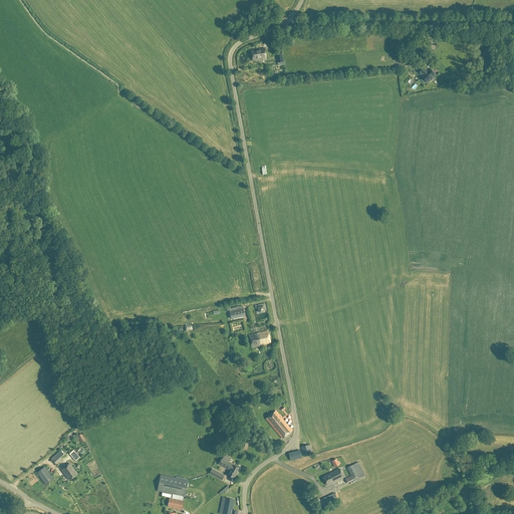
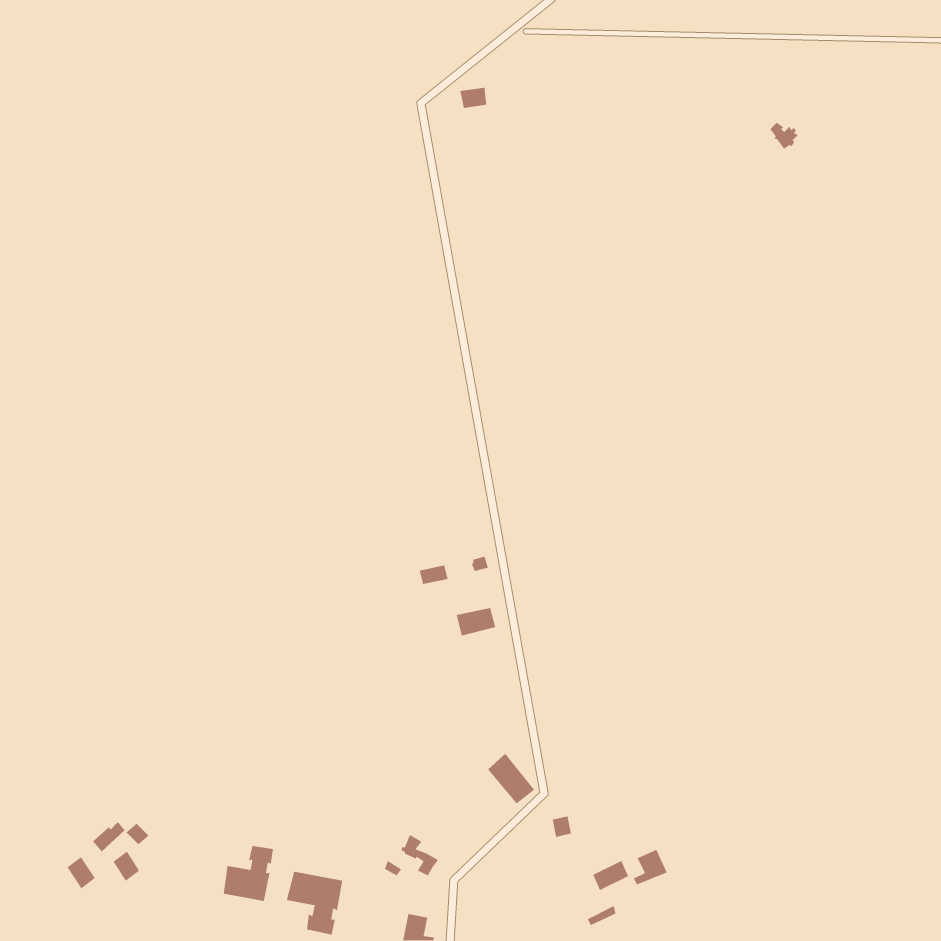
building: none -> [223,845,274,902]

